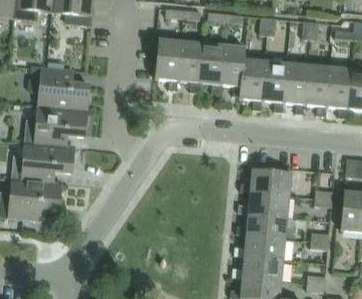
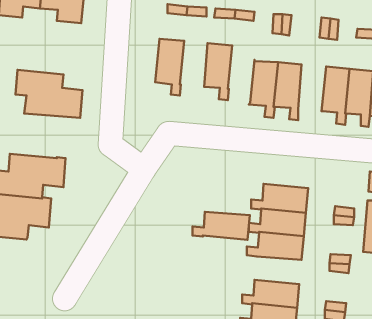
building: [177,41,202,92] -> none
building: [220,45,245,96] -> none
building: [283,62,308,114] -> none
building: [25,106,88,146] -> none
building: [235,234,286,259] -> [193,212,250,240]

